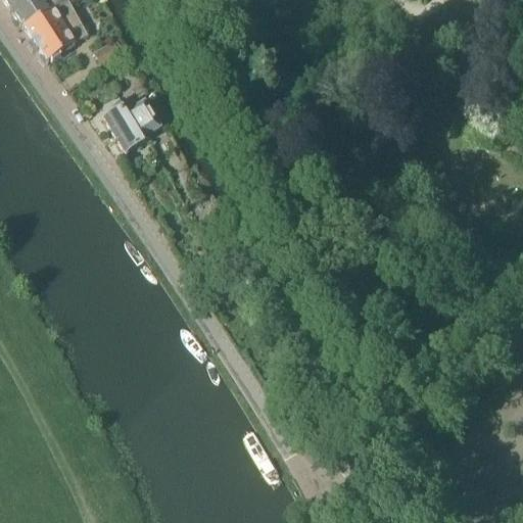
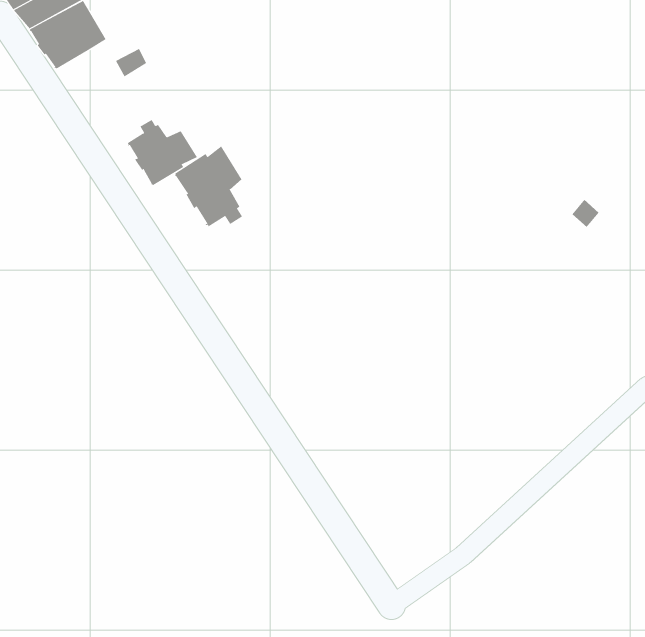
building: none -> [174,145,243,227]

